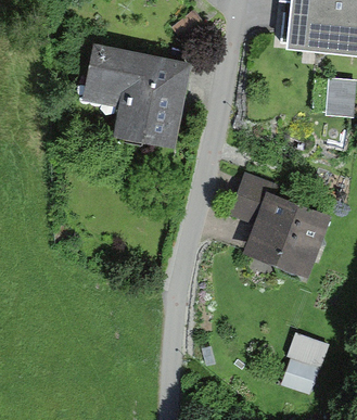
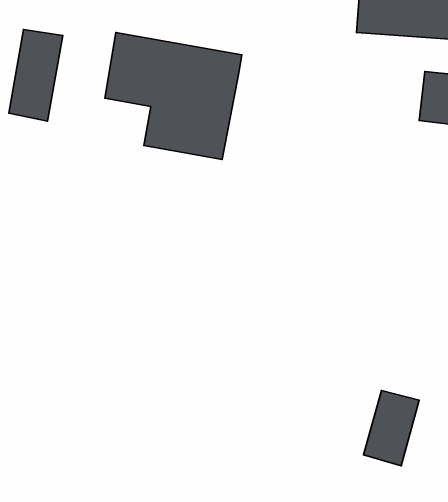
building: none -> [9,30,63,121]
building: [230,174,331,278] -> none

